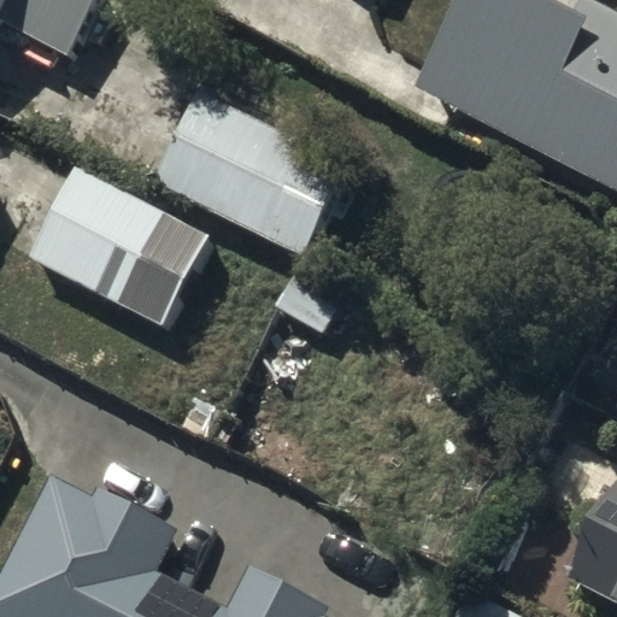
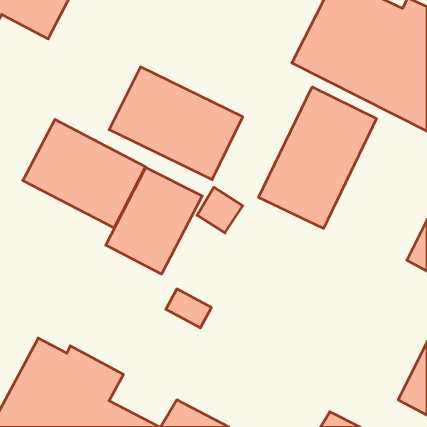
building: none -> [259,87,376,228]
building: none -> [106,167,202,274]

